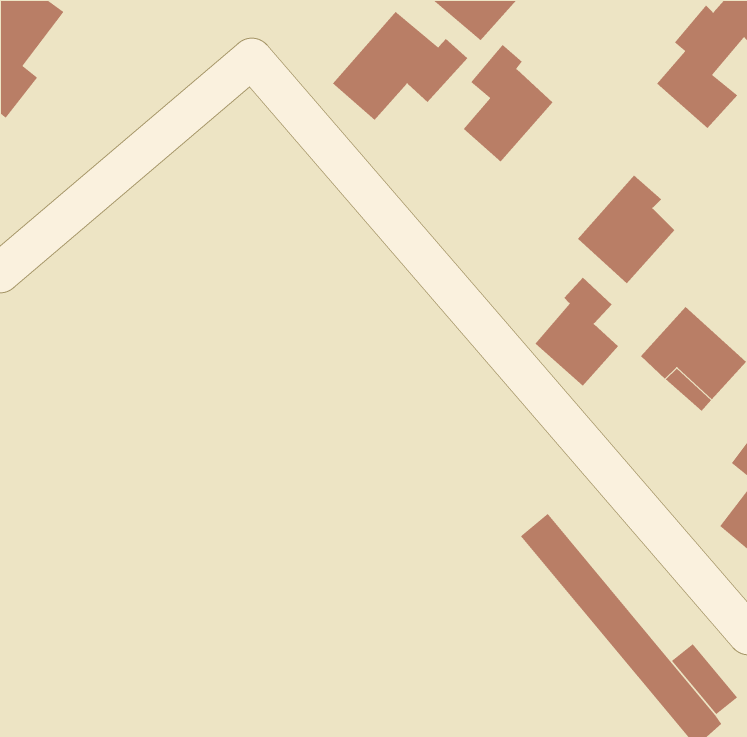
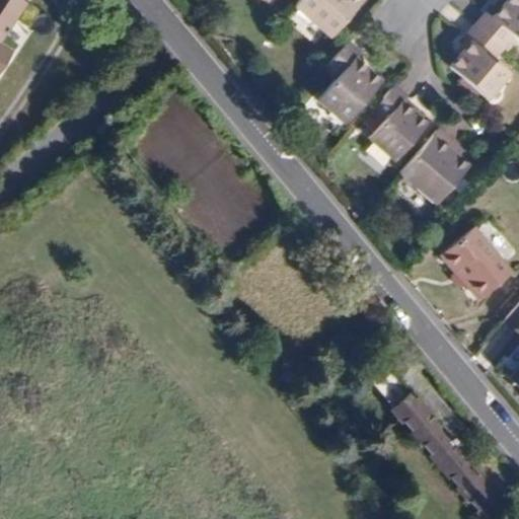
building: [332,11,468,121] -> none
building: none -> [369,82,427,158]
building: [534,277,619,387] -> none

